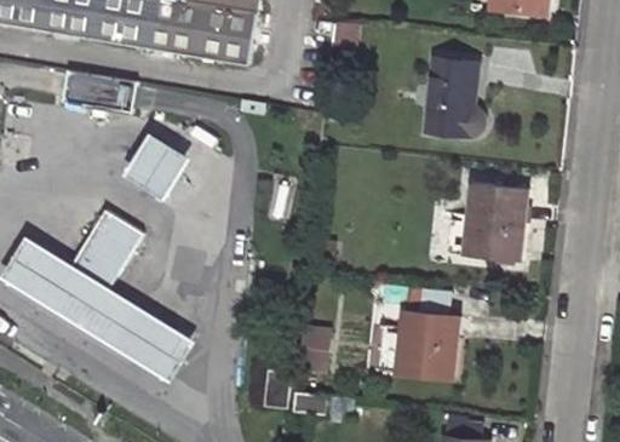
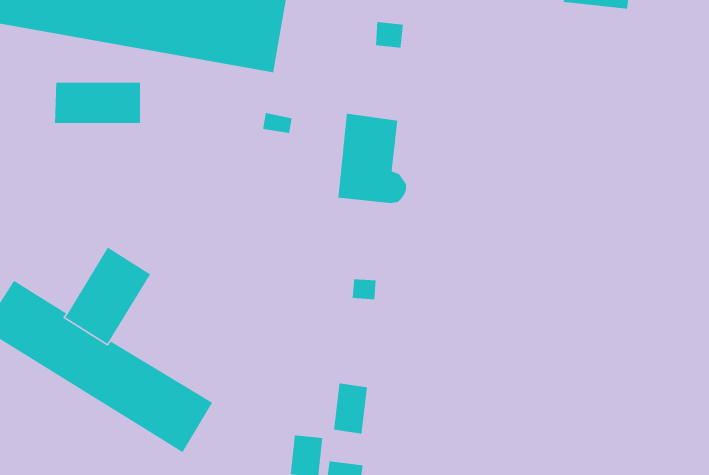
building: [424,58,482,134] -> [337,113,407,204]
building: [131,136,194,199] -> none
building: [463,182,523,259] -> none
building: [374,310,455,378] -> none

